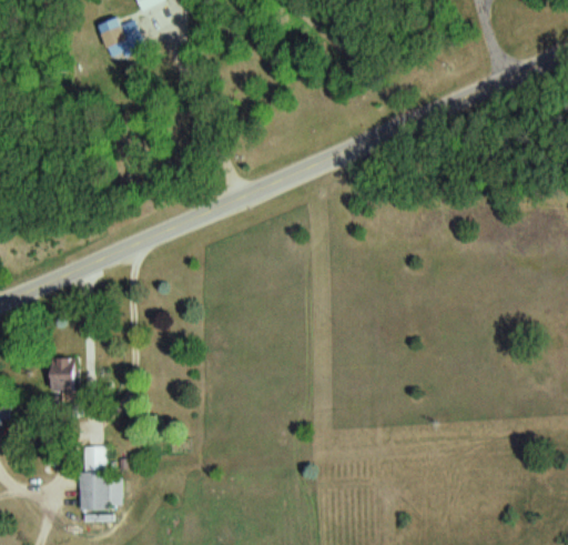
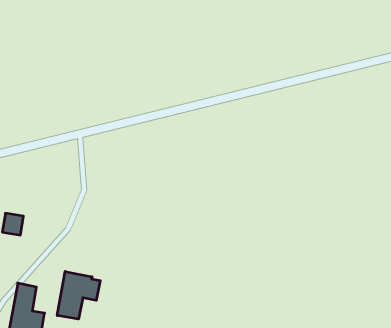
building: none -> [57,271,100,319]

